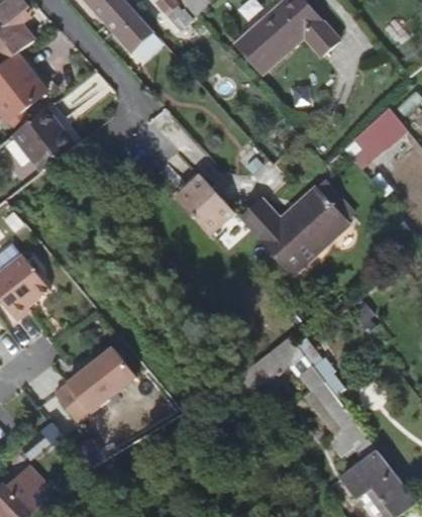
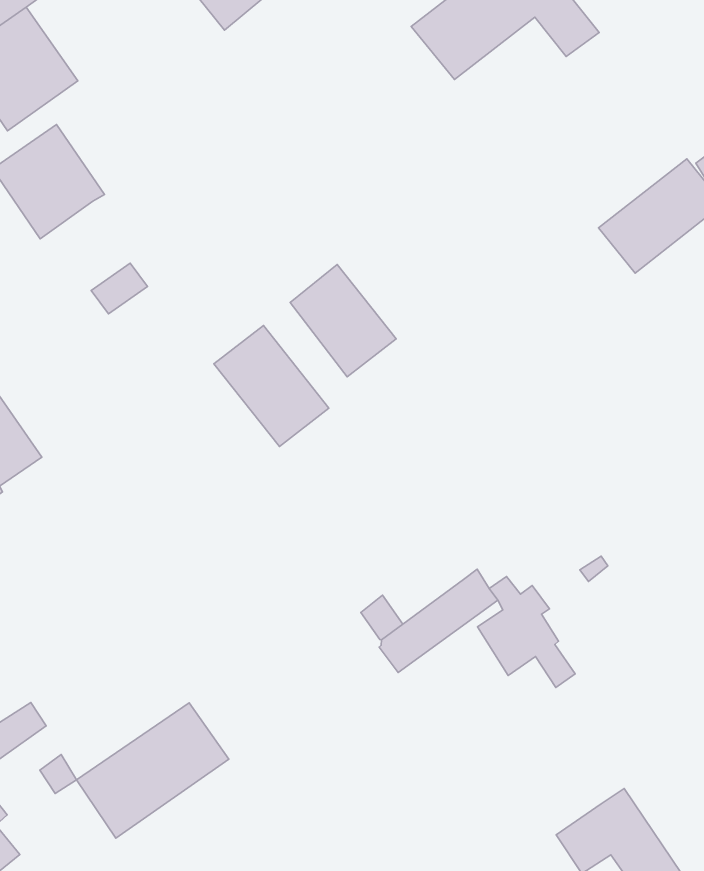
building: [243,186,349,275] -> none
building: none -> [214,326,329,447]
building: [54,347,135,423] -> [76,703,229,838]
building: [304,381,376,458] -> none

